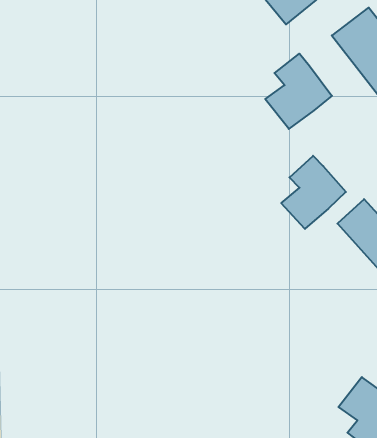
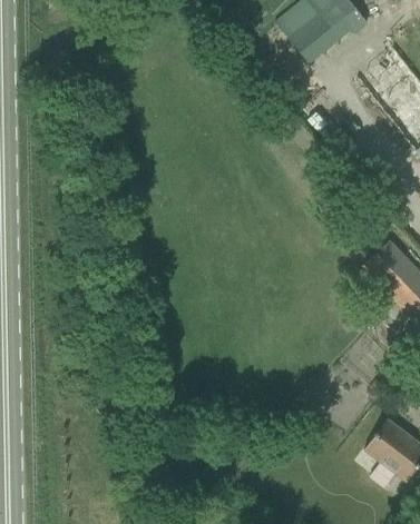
building: [265,54,332,129] -> none
building: [281,156,346,229] -> none

